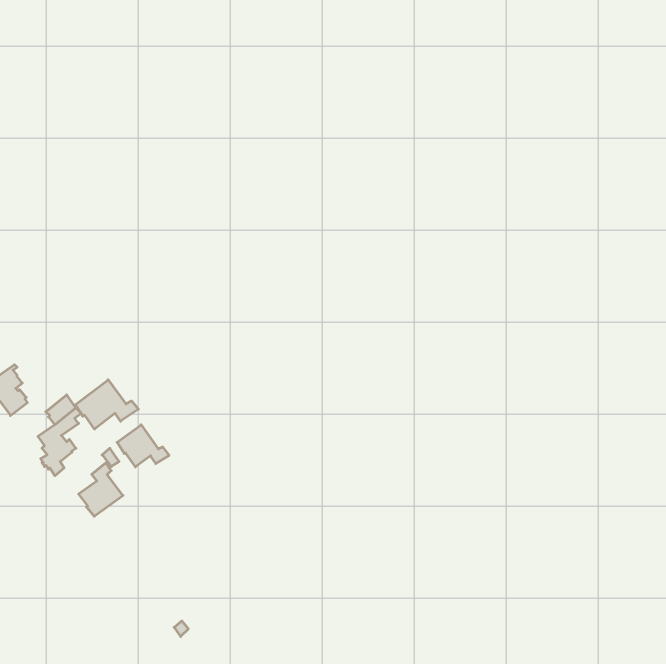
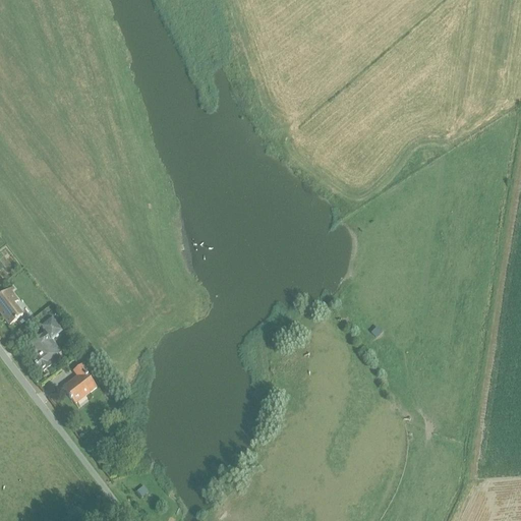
building: [75,380,138,429] -> none
building: [117,425,169,467] -> none

